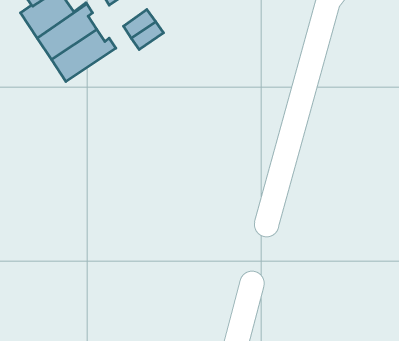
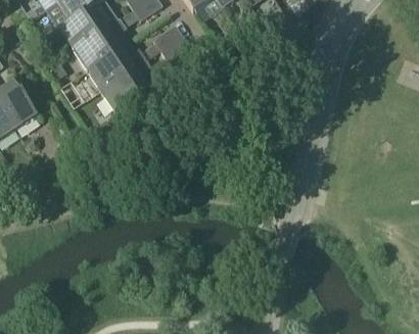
building: none -> [99,59,150,112]

